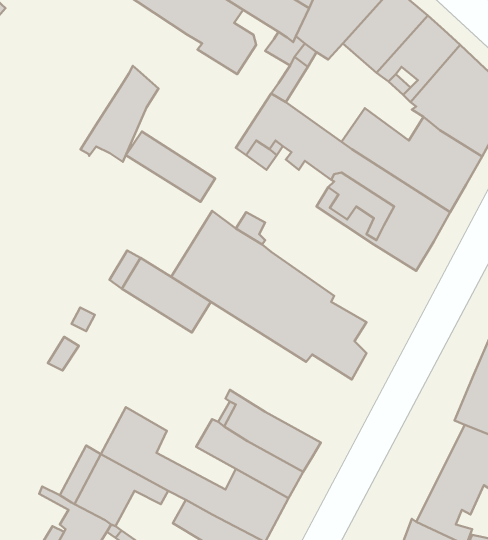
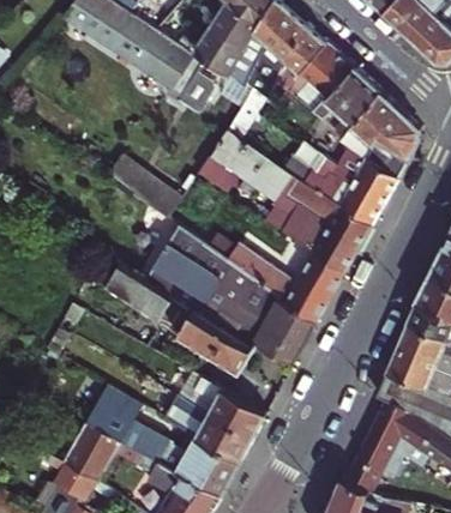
building: [81,66,158,162] -> none
building: none -> [226,242,344,324]
building: none -> [161,298,254,373]

